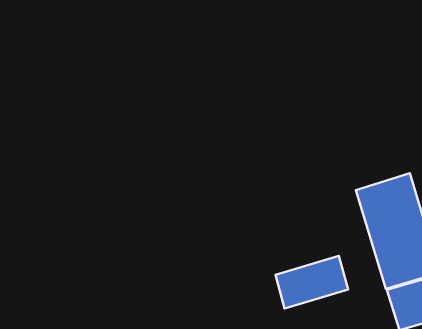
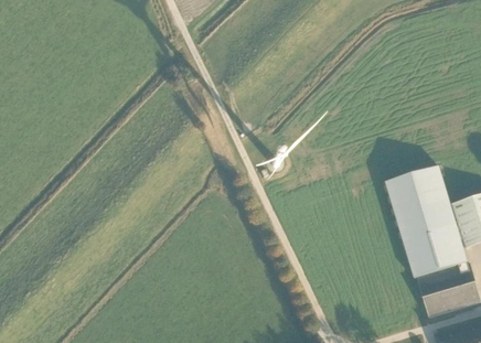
building: [275,256,348,309] -> none

